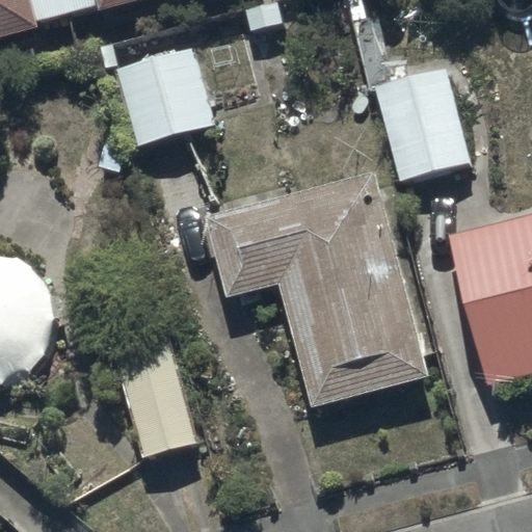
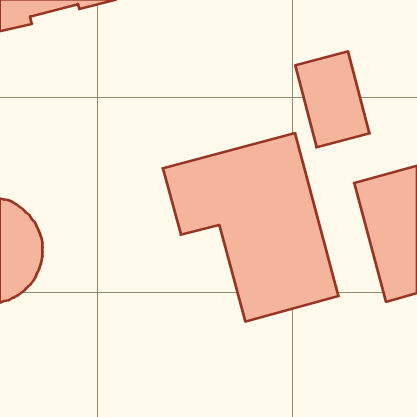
building: [110,44,216,151] -> none
building: [110,332,195,455] -> none

